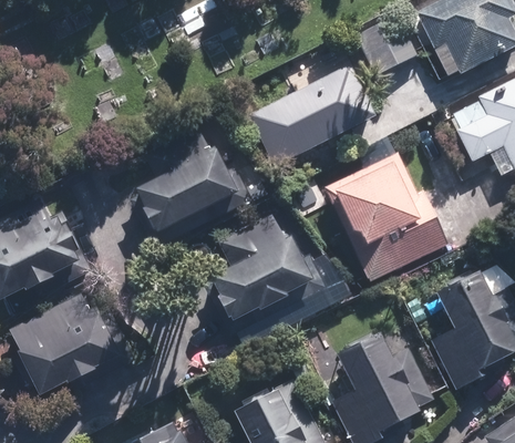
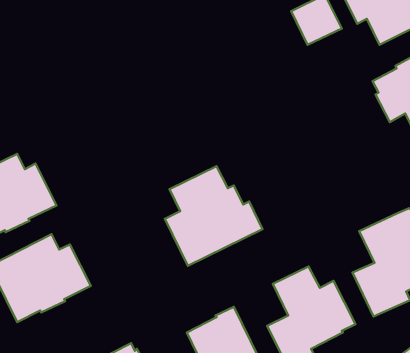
building: [247,65,375,167] -> none
building: [137,126,251,244] -> none
building: [323,153,447,281] -> none

